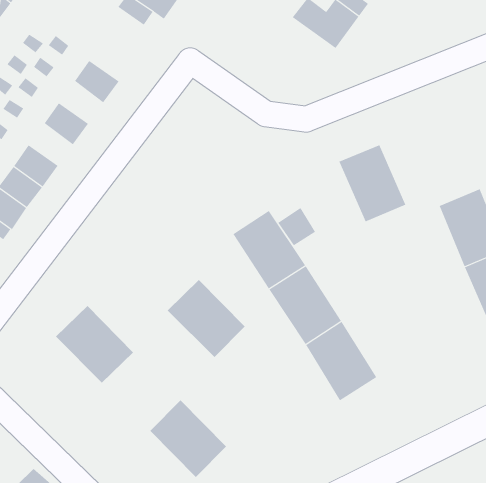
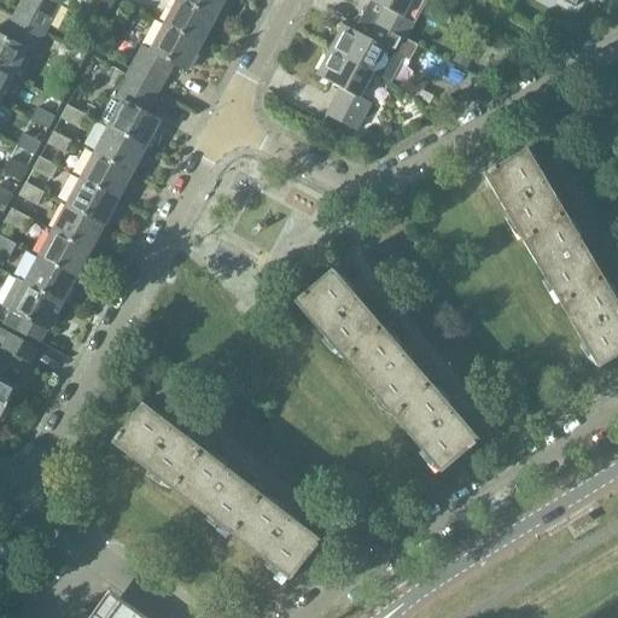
building: none -> [99,75,161,146]
building: none -> [316,48,373,129]
building: none -> [81,152,132,198]
building: none -> [53,204,104,250]
building: [339,144,406,222] -> [484,148,566,238]
building: [277,207,316,246] -> none
building: [167,279,245,358] -> [171,448,262,534]

